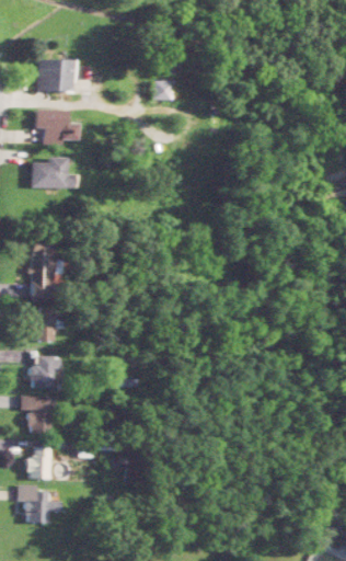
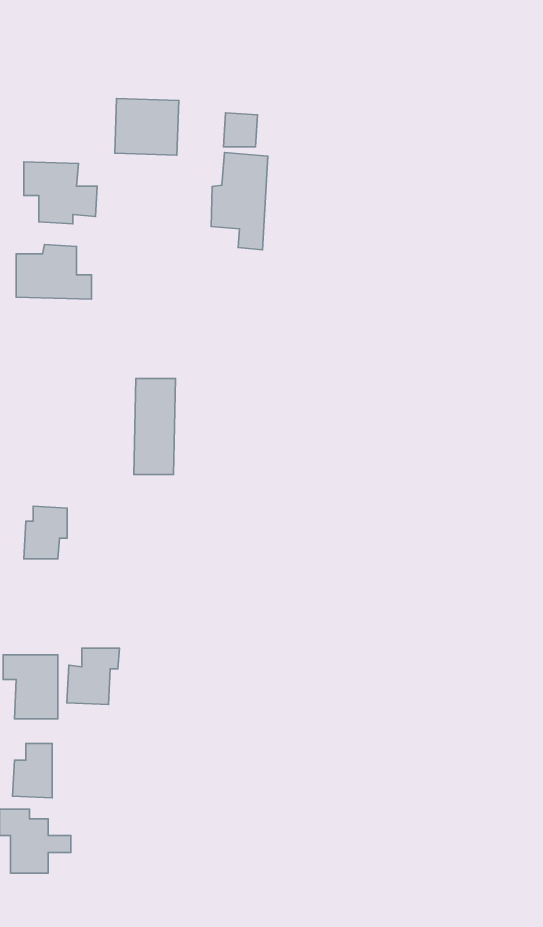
building: [36,59,73,92] -> [115,99,179,155]
building: none -> [211,152,268,250]
building: [33,241,57,297] -> [134,378,175,474]
building: [32,356,62,389] -> [67,648,120,705]

